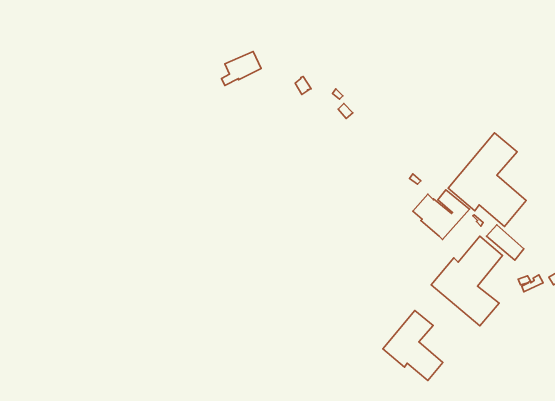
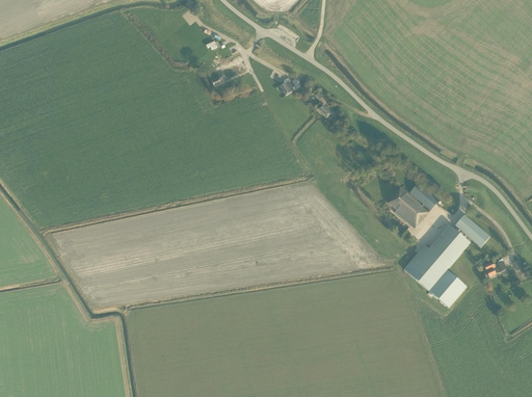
building: [448,133,526,227] -> none
building: [383,310,443,381] -> none

